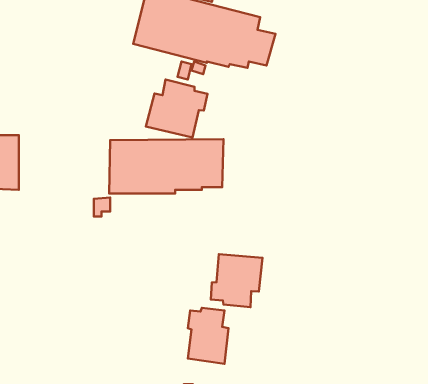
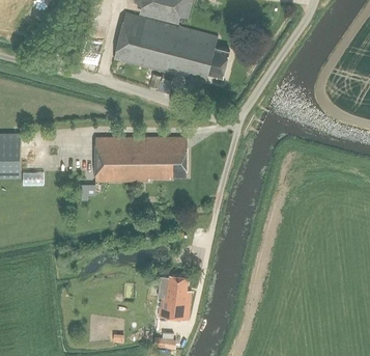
building: [146,80,207,137] -> none
building: [211,254,263,307] -> none

